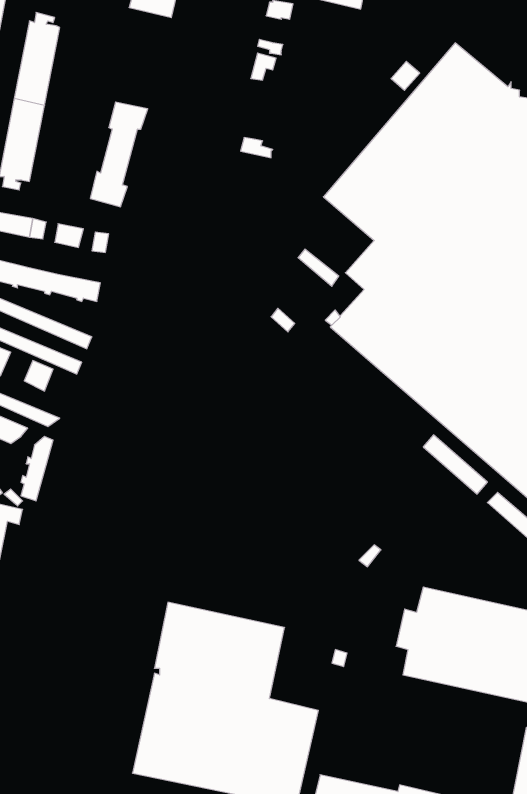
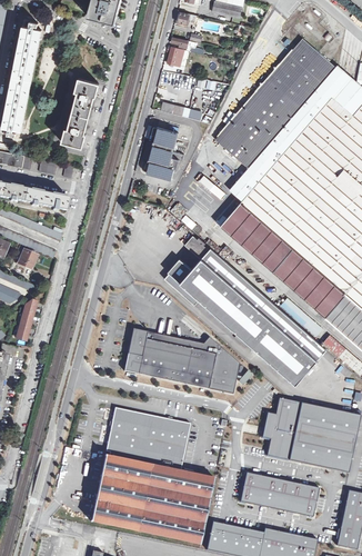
building: none -> [144,127,184,179]
building: none -> [163,235,325,384]
building: none -> [121,326,240,393]
building: none -> [241,471,320,516]

